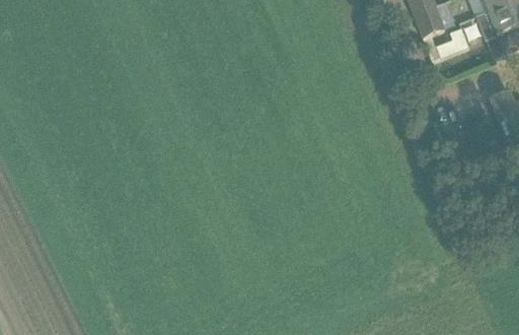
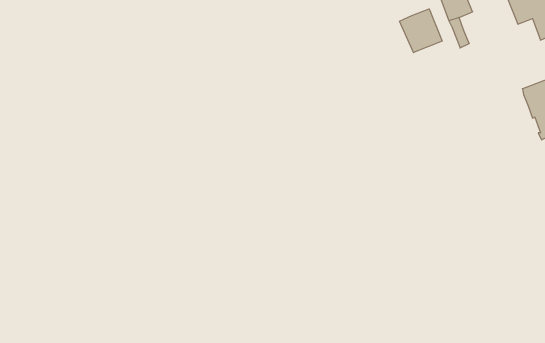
building: none -> [400,9,442,53]

